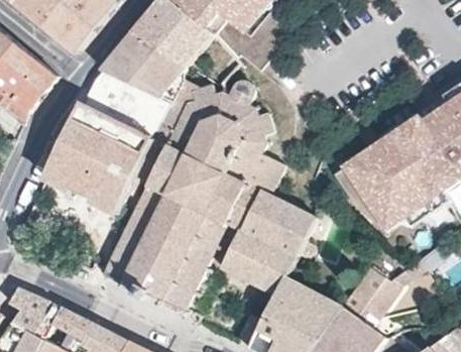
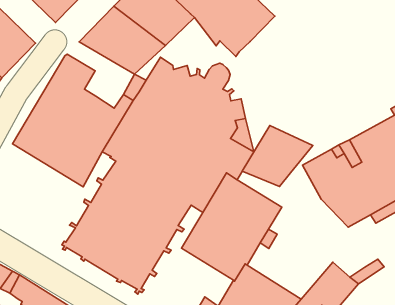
building: [90,72,139,124] -> none
building: none -> [242,125,313,187]

